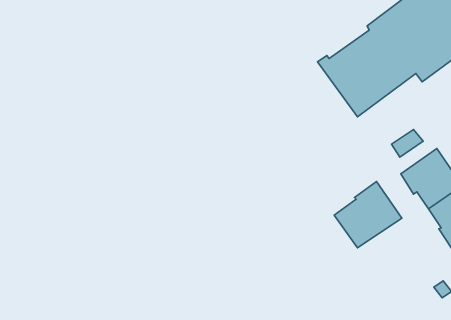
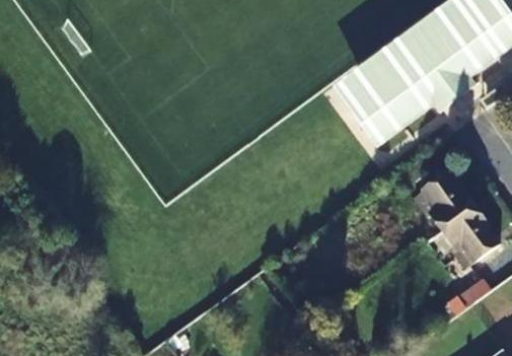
building: [334,182,402,248] -> none

